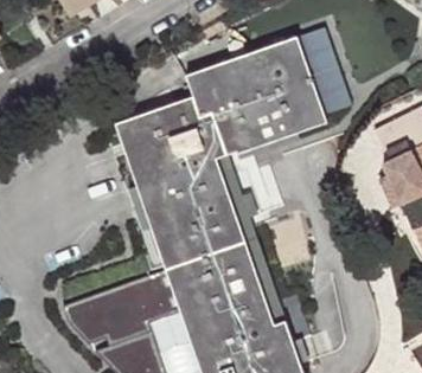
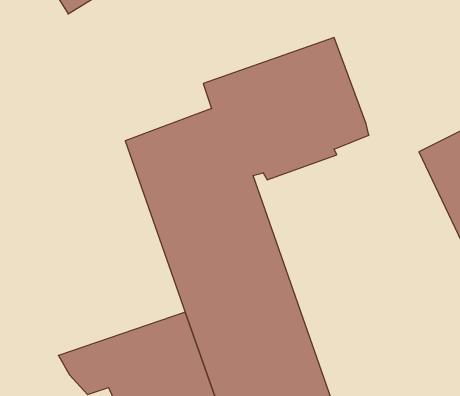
building: [295,27,349,109] -> none

